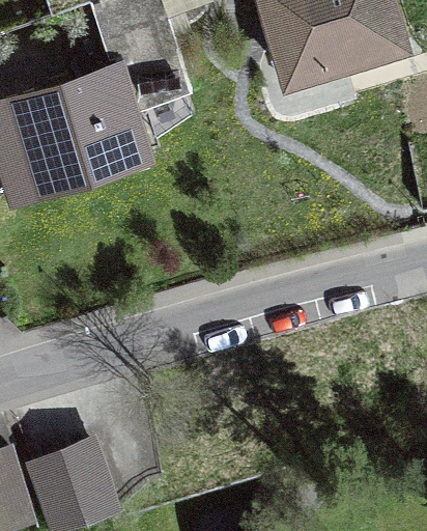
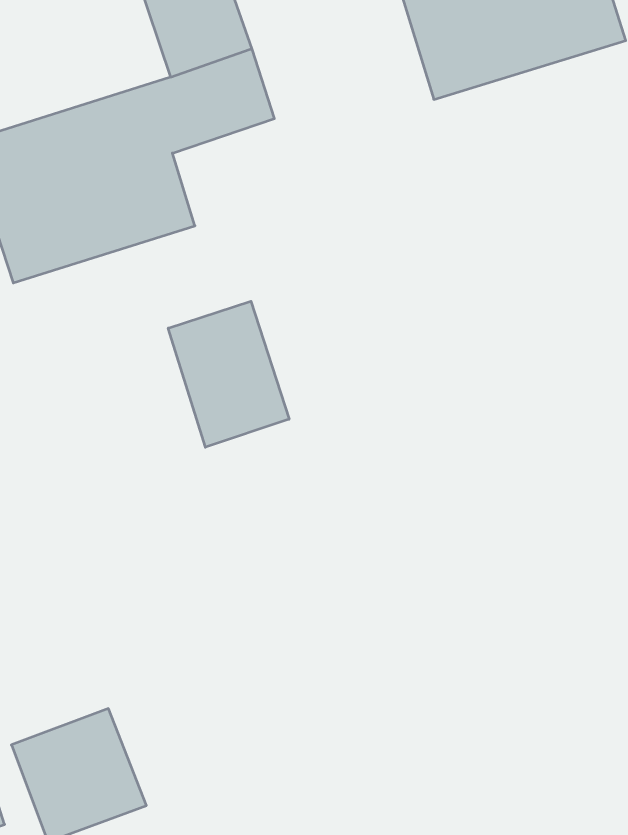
building: none -> [168,301,289,447]

